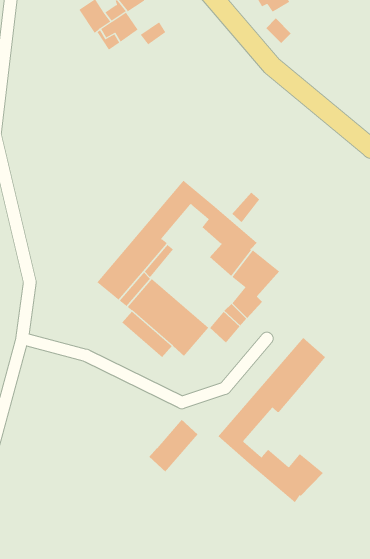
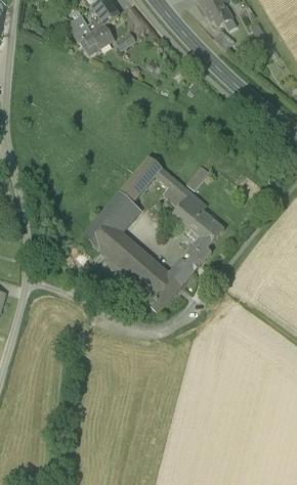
building: [218,337,326,503] -> none
building: [149,419,198,473] -> [143,271,182,313]

